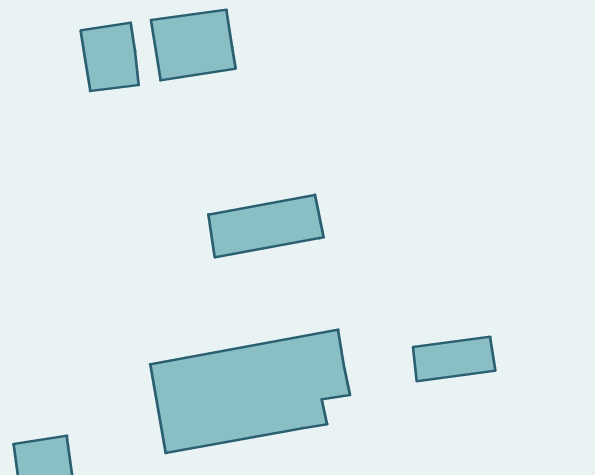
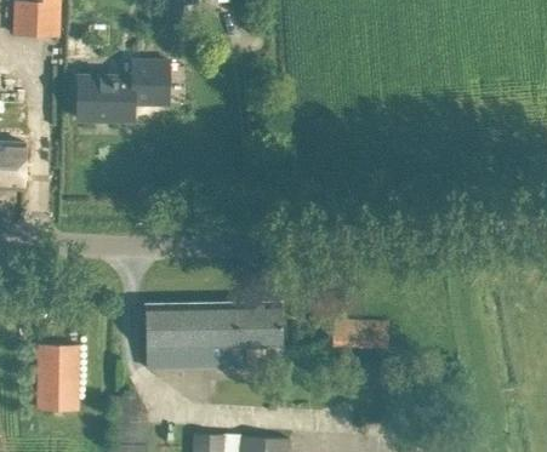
building: [151,10,236,80] -> [78,76,132,120]
building: [208,195,324,257] -> none

